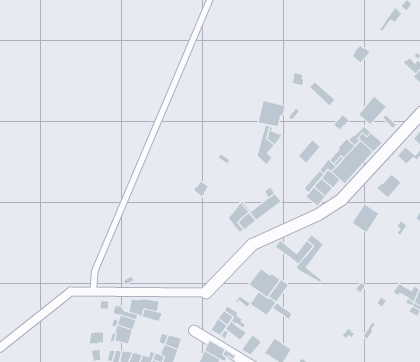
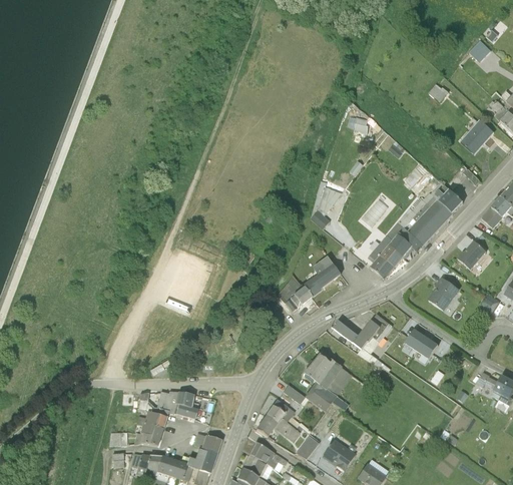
building: [359,96,387,125] -> [461,119,495,154]
building: [258,100,286,127] -> none
building: none -> [405,329,439,359]

